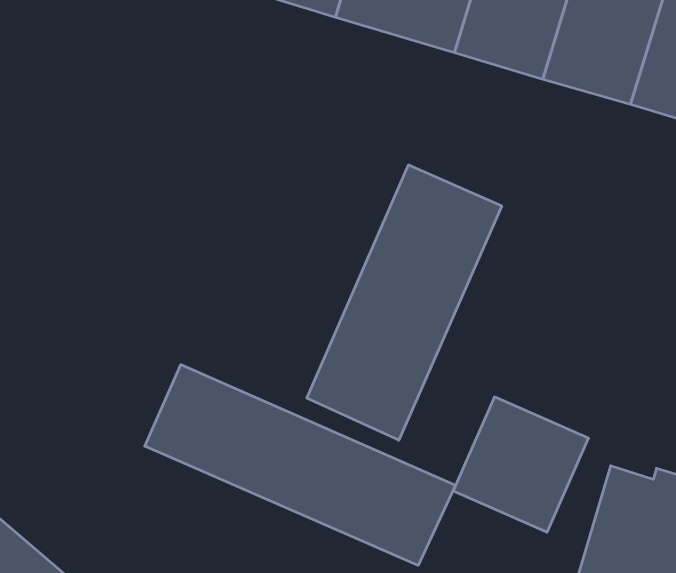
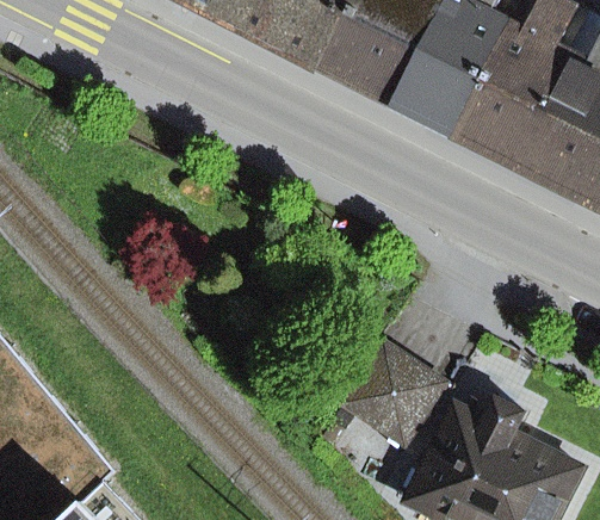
building: [307,165,502,440] -> none
building: [145,365,456,565] -> none

